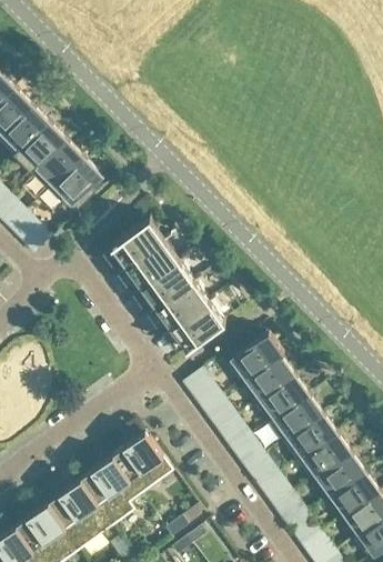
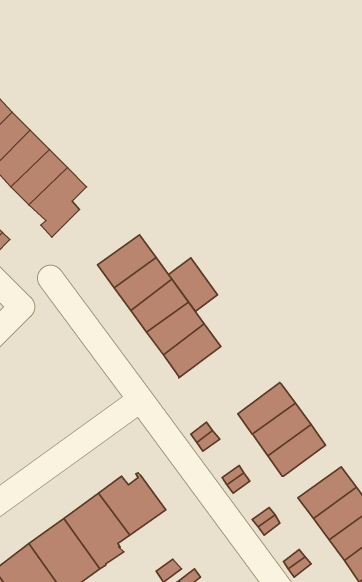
building: none -> [168,258,217,312]
building: [225,332,284,384] -> none
building: [283,413,336,462] -> none

